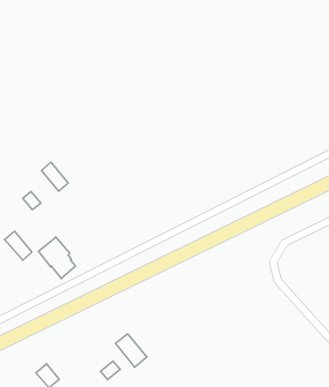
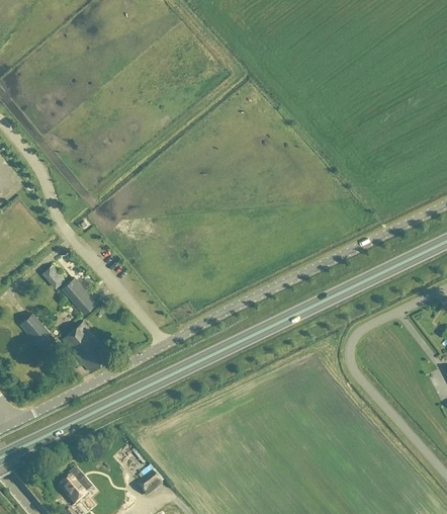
building: [42,162,68,191] -> [63,277,95,313]
building: [115,334,147,367] -> none

